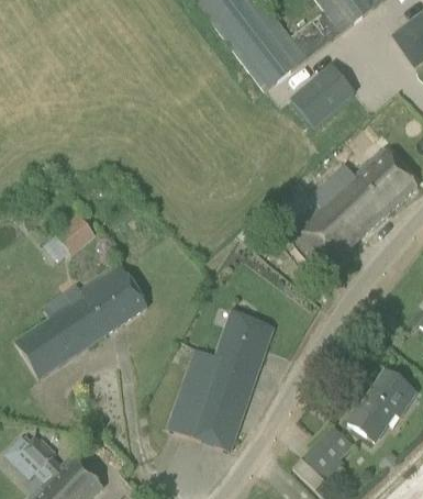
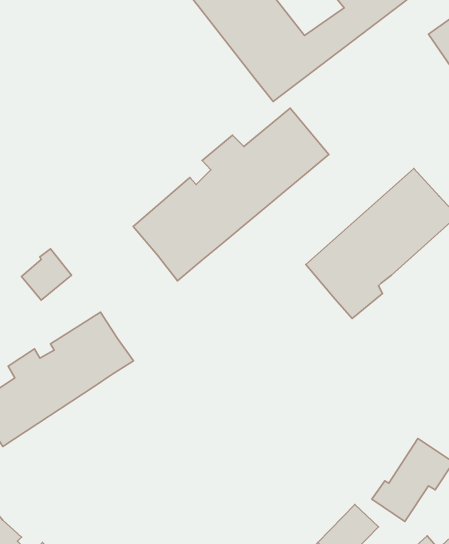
building: [291,63,357,126] -> none
building: none -> [133,108,329,281]
building: [167,309,275,450] -> none

